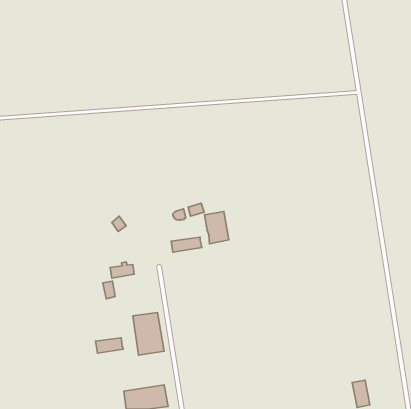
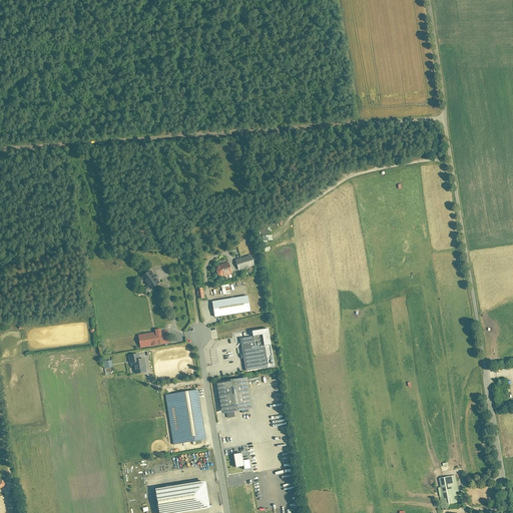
building: [205,212,229,244] -> [238,331,269,371]
building: none -> [214,376,248,413]
building: [96,338,123,353] -> none

